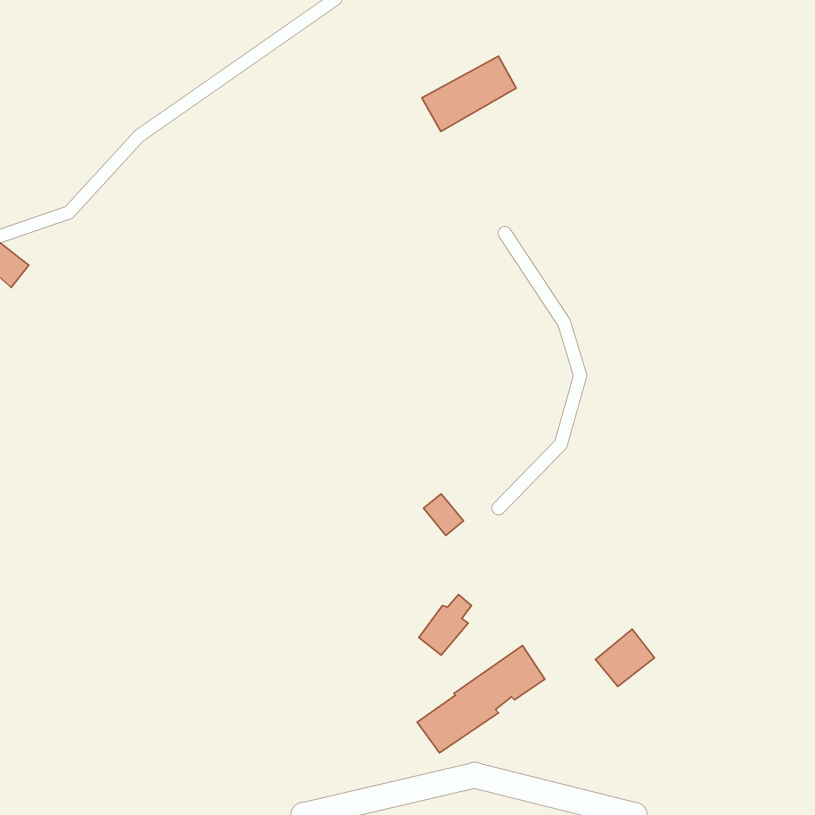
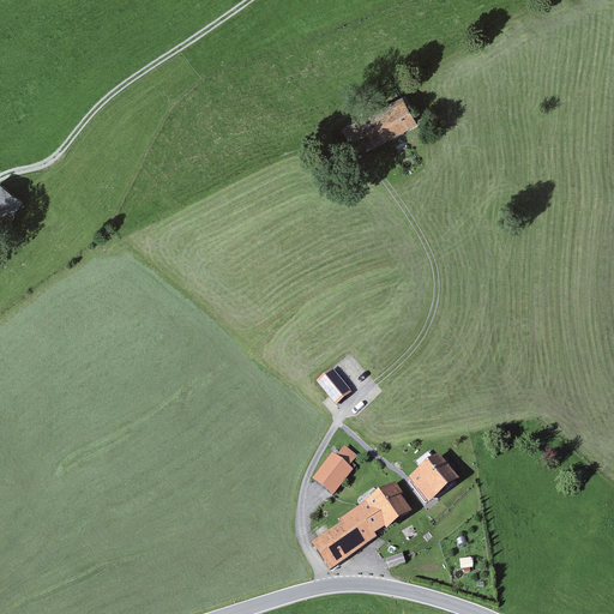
building: [422,56,516,131] -> [342,95,413,151]
building: [595,629,654,687] -> [410,456,455,499]

